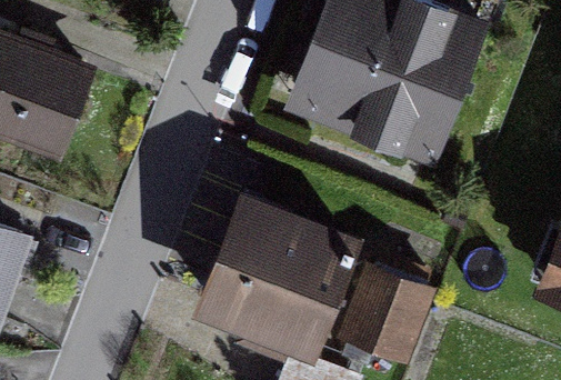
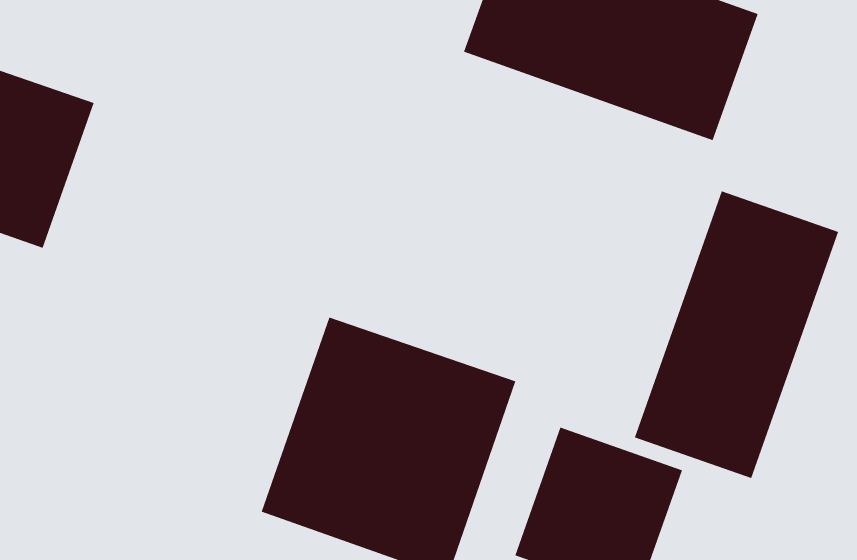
building: [288,46,457,161] -> none
building: none -> [634,190,839,479]

